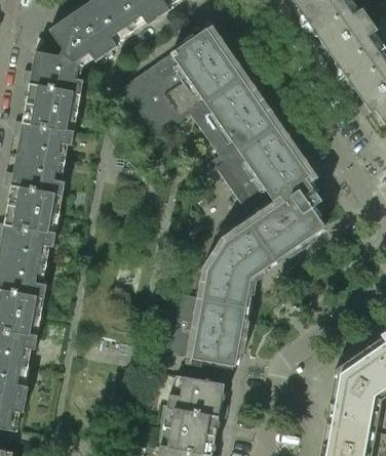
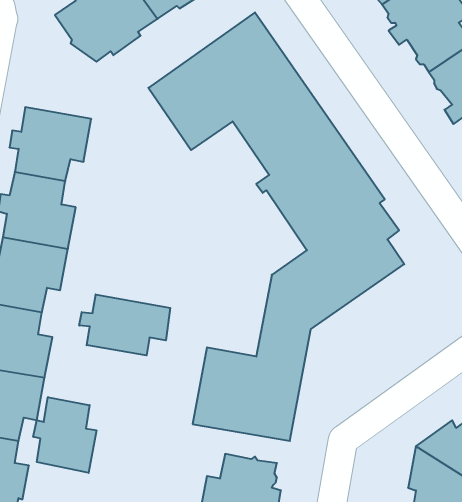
building: [23,50,84,111] -> none
building: none -> [79,294,170,355]
building: none -> [33,397,96,473]

